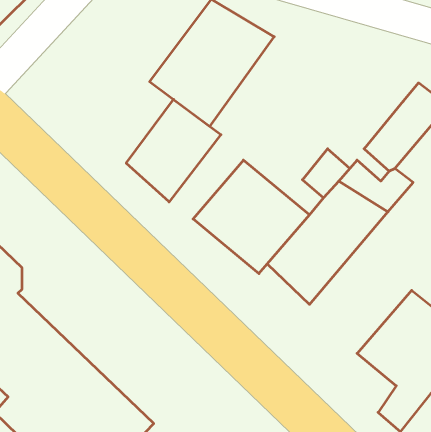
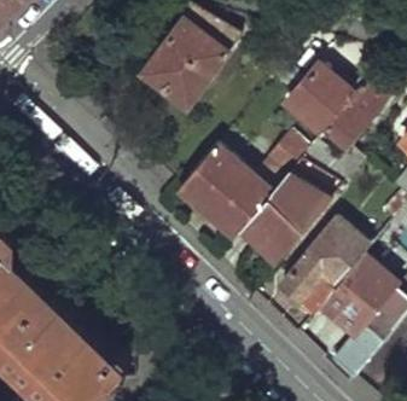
building: none -> [280,59,354,135]
building: [126,99,221,202] -> none
building: none -> [274,215,370,315]

